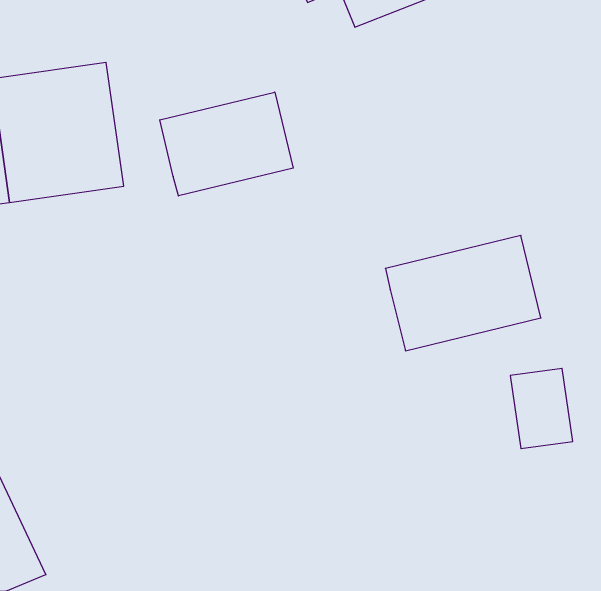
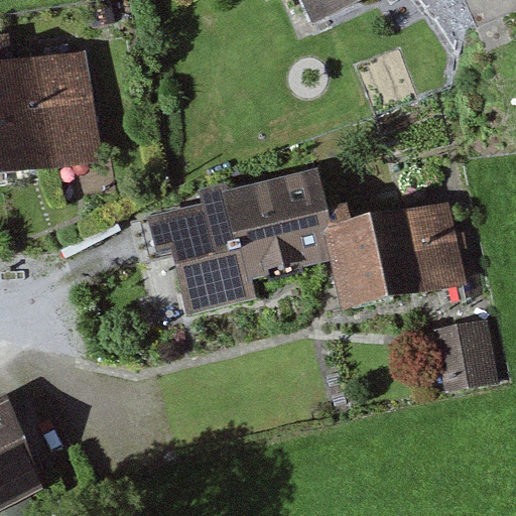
building: [160,92,293,196] -> none
building: none -> [137,175,334,307]

